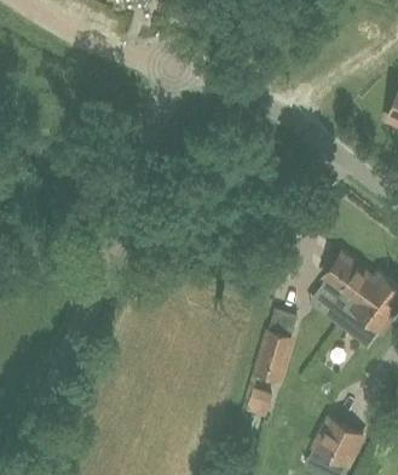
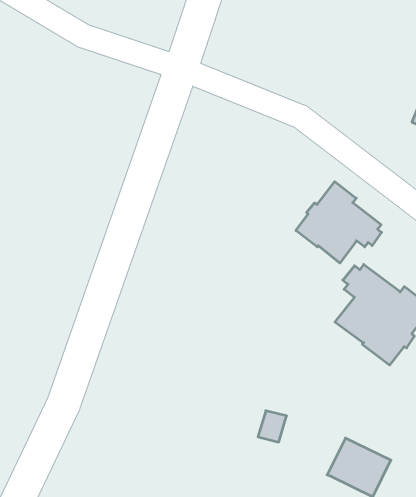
building: none -> [296,182,382,263]
building: [253,309,299,382] -> none

